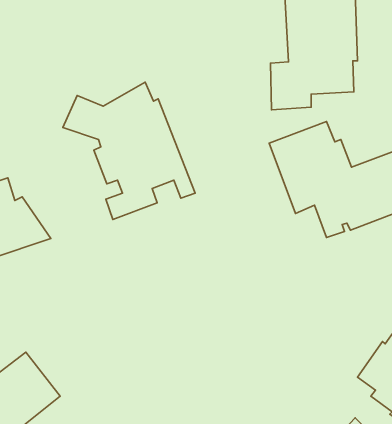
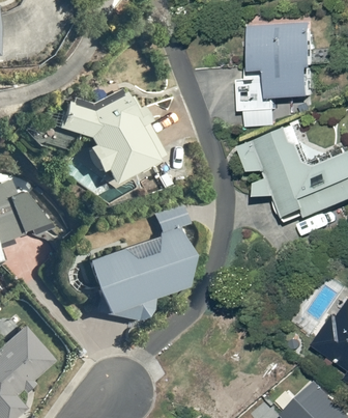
building: none -> [87,201,193,323]

